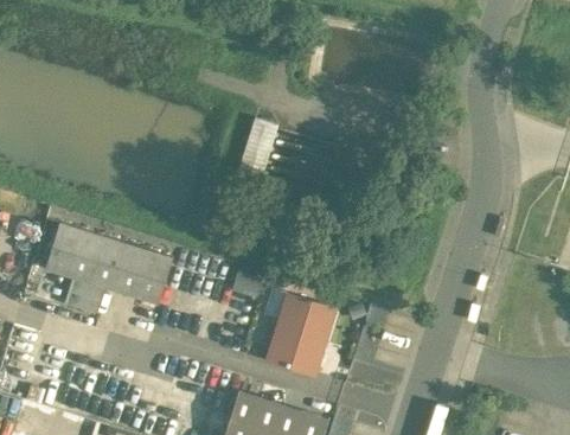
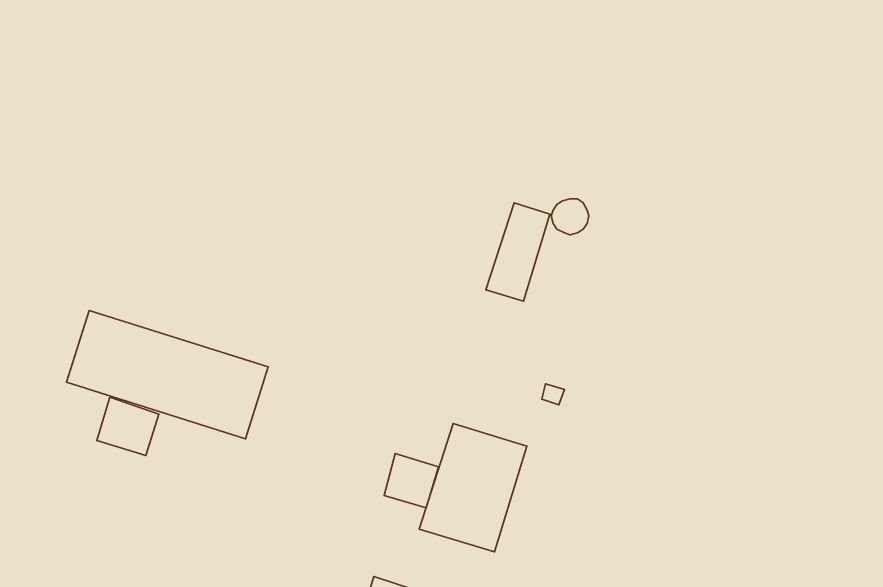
building: [237,117,277,179] -> [486,203,550,301]
building: none -> [384,453,439,508]

